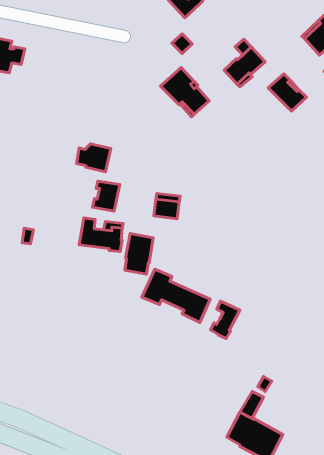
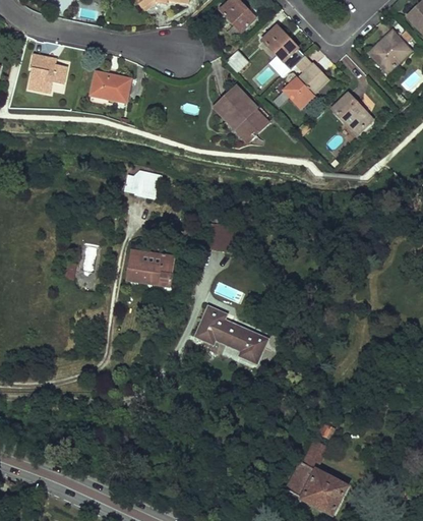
building: none -> [261,27,298,62]
building: none -> [89,70,130,102]
building: [93,181,120,211] -> none
building: [125,234,153,274] -> none
building: [210,301,240,339] -> none

